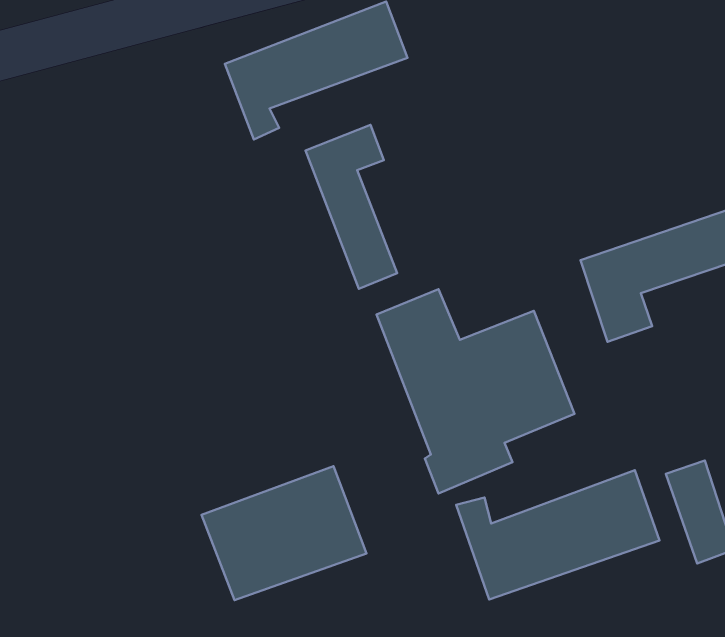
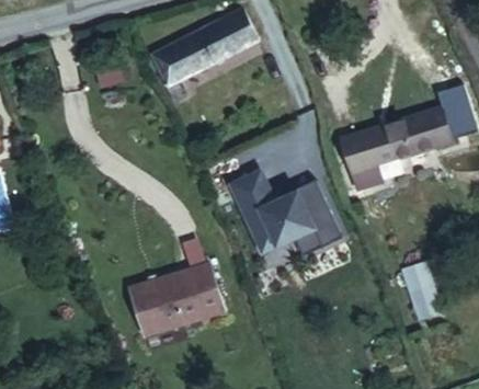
building: [306,125,397,289] -> none
building: [456,470,660,600] -> none

